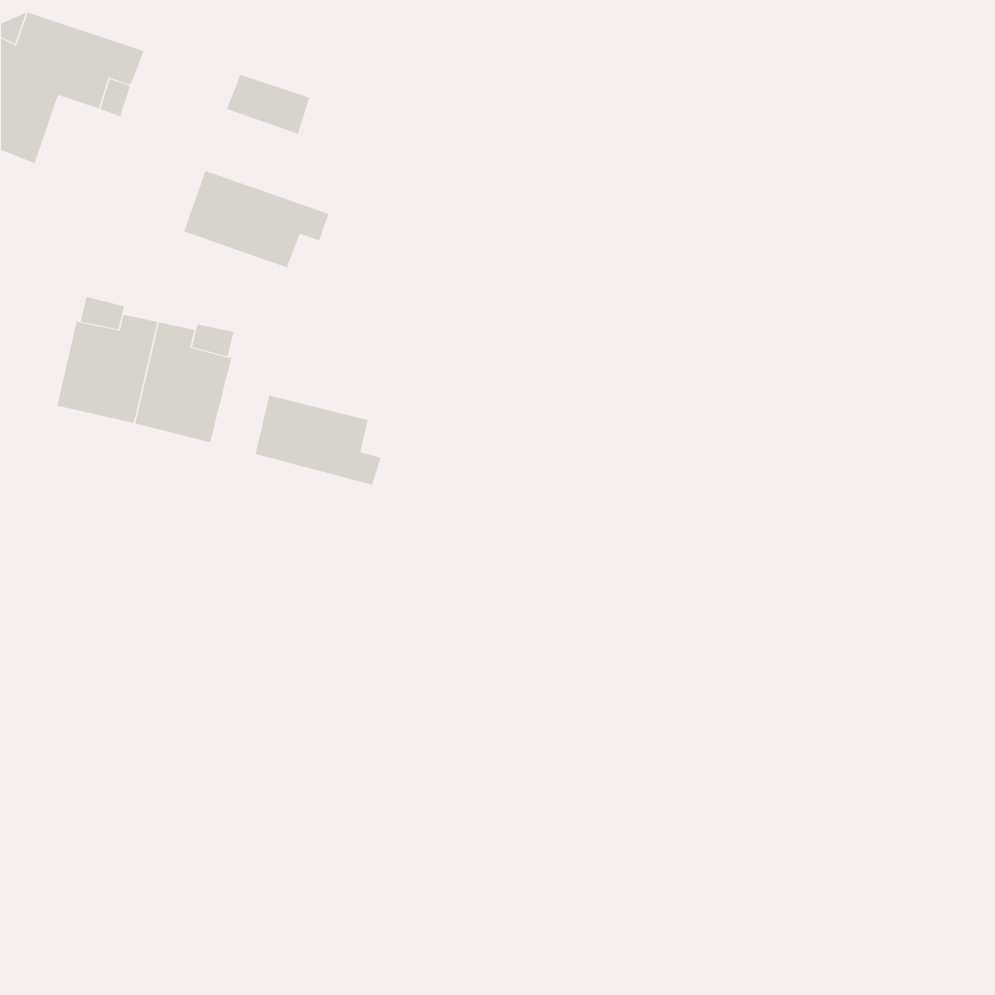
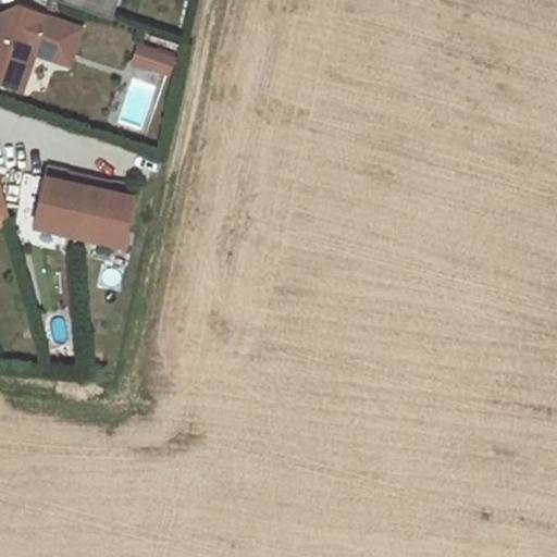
building: [183,170,329,269] -> none
building: [255,395,381,485] -> none

